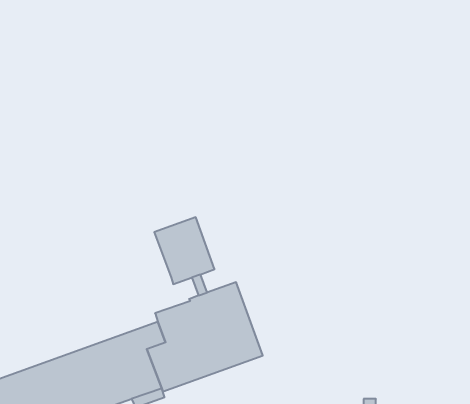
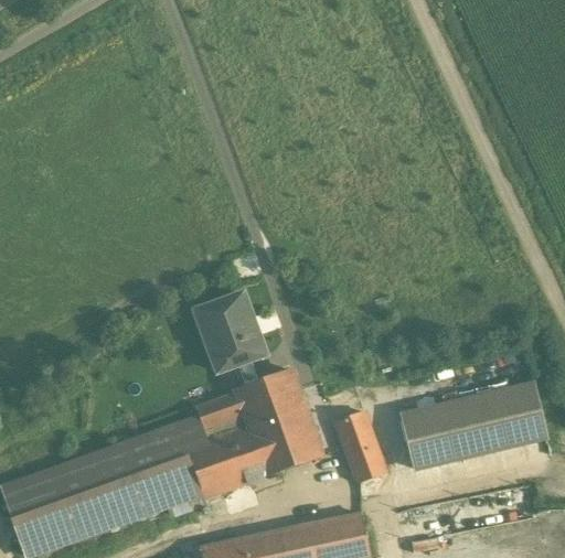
building: none -> [402,383,545,469]
building: none -> [335,412,386,483]

